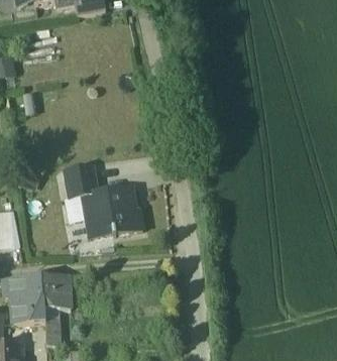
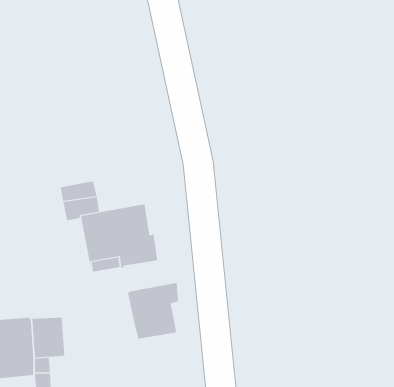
building: none -> [128,282,179,339]

